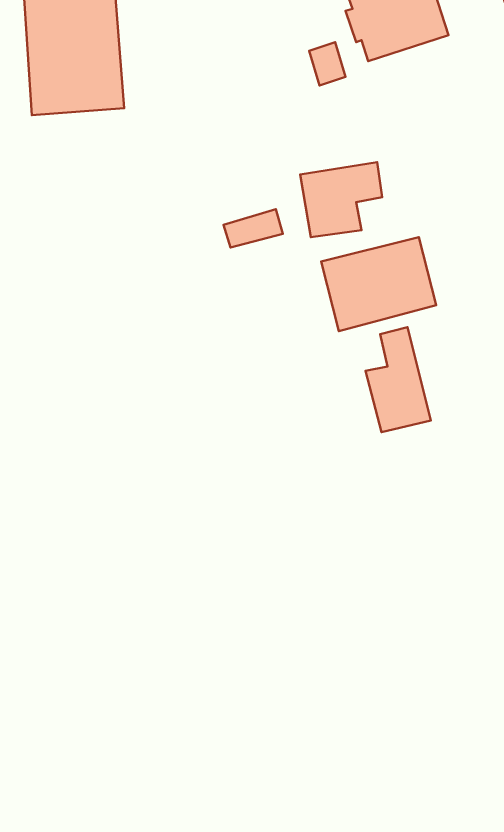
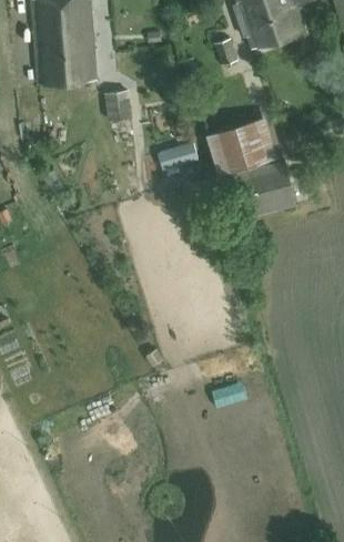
building: none -> [105,90,134,121]
building: [365,327,431,432] -> none

